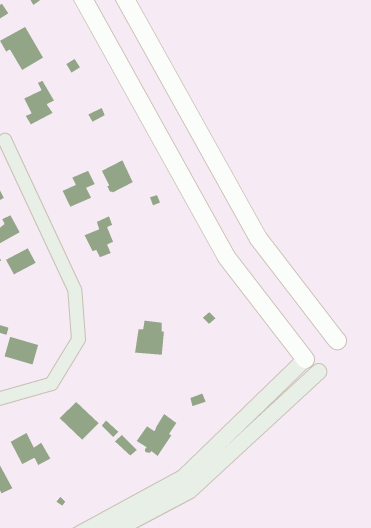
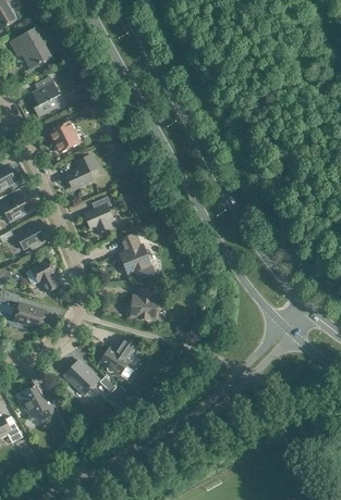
building: [101,159,134,194] -> [51,121,81,151]
building: none -> [120,234,154,279]
building: none -> [26,259,59,292]
building: [136,413,178,457] -> [99,336,136,375]

